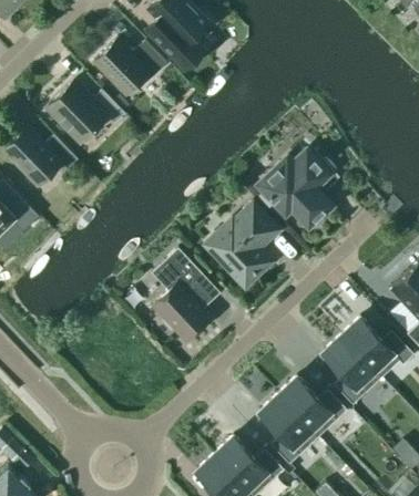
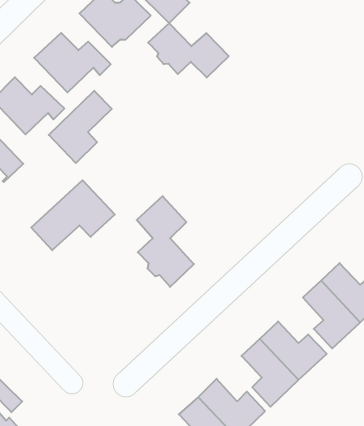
building: none -> [148,23,229,78]
building: none -> [49,91,112,163]
building: [258,151,339,225] -> none
building: [206,205,276,286] -> none
building: none -> [31,180,115,250]

